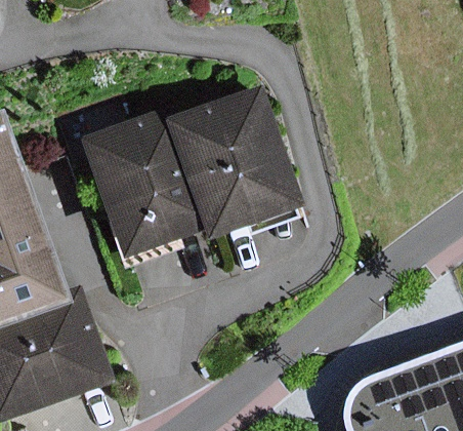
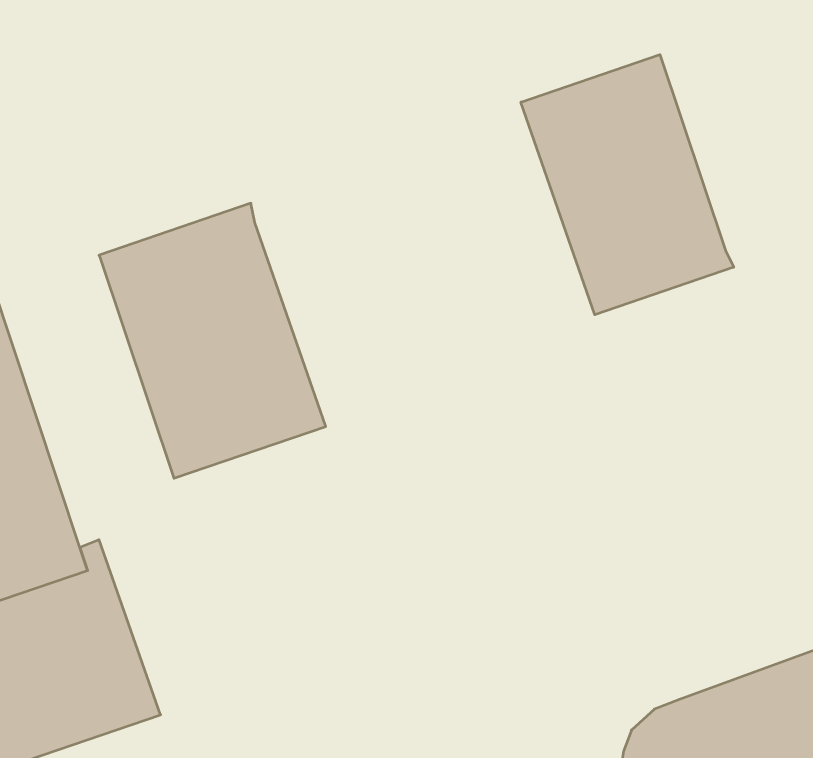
building: none -> [521,55,734,315]
building: [156,86,296,241] -> none

